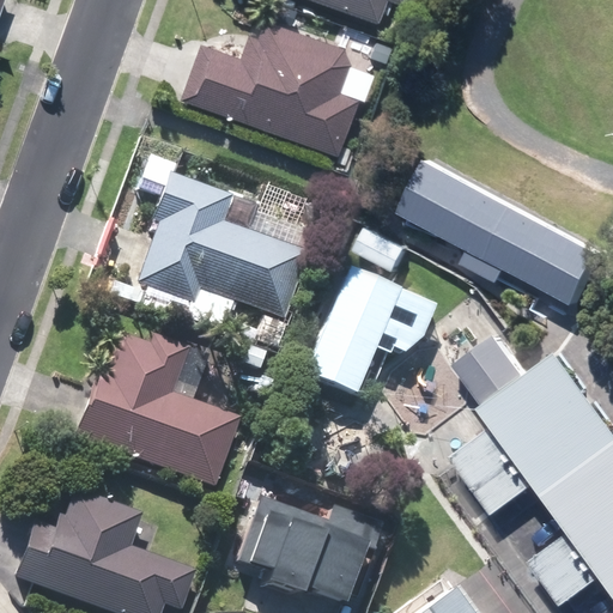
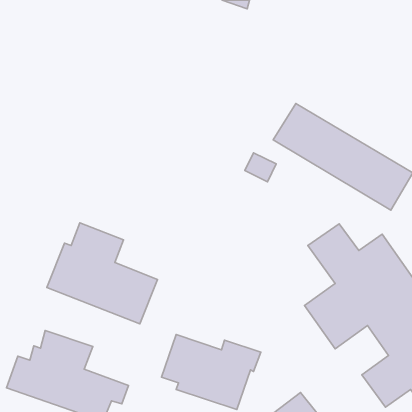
building: [195,26,350,144] -> none
building: [133,182,304,318] -> none
building: [303,269,432,400] -> none

